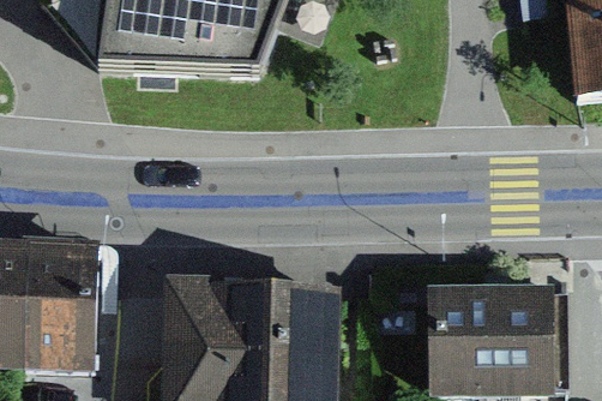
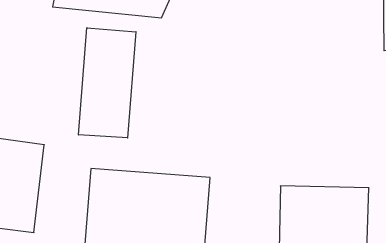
building: none -> [79,28,136,138]

